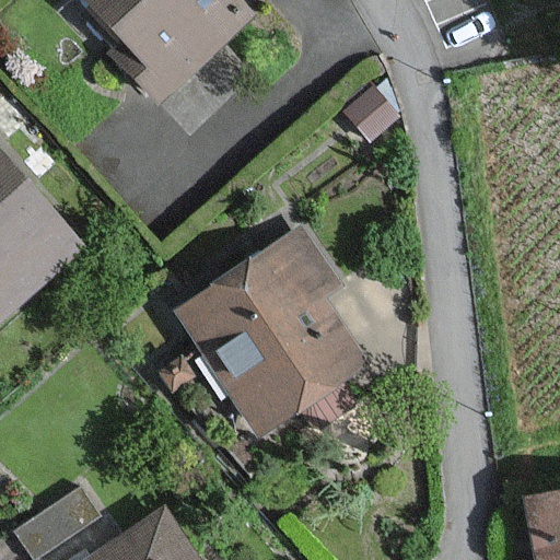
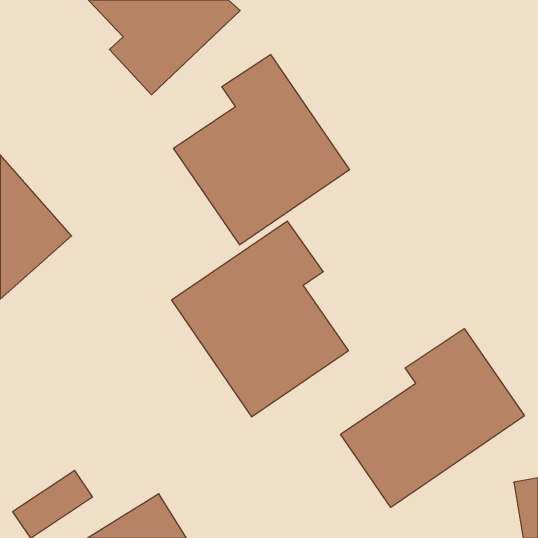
building: none -> [174,55,350,245]
building: none -> [341,329,524,507]

